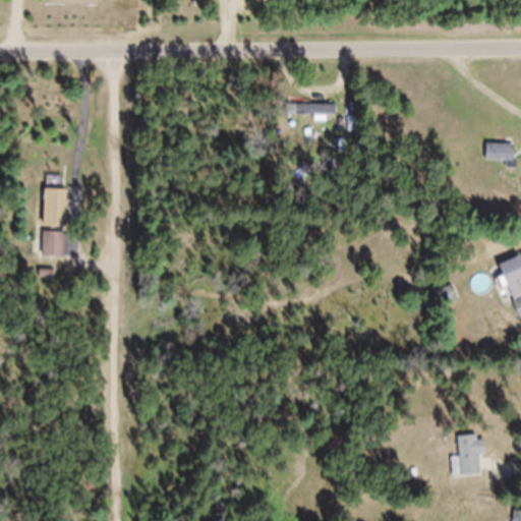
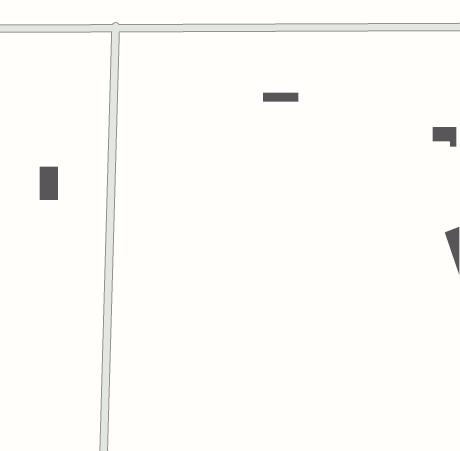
building: [43,231,64,255] -> none
building: [457,433,483,475] -> none

